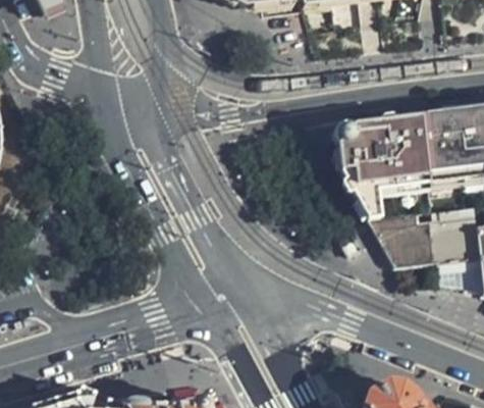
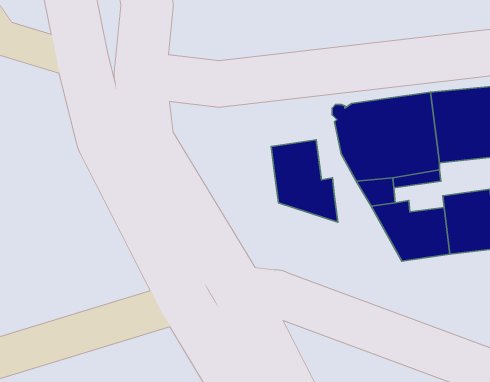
building: none -> [271,140,338,222]

